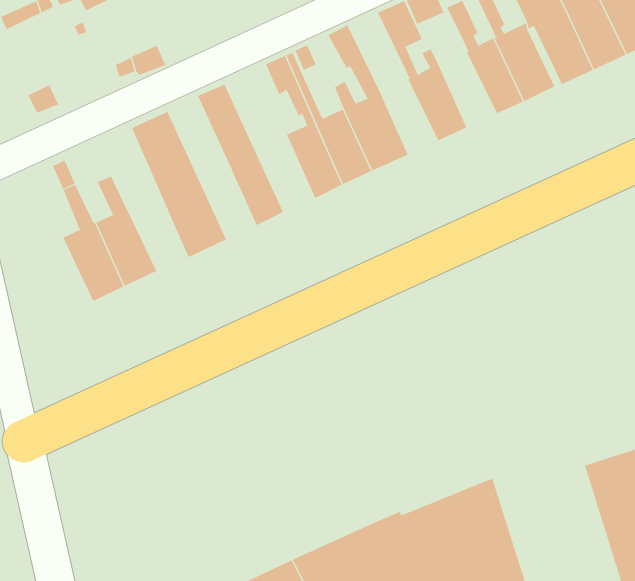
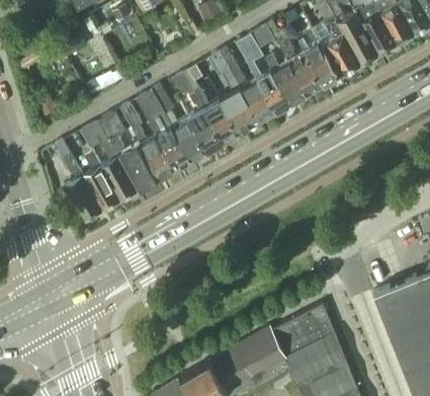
building: none -> [219,47,275,123]
building: none -> [272,61,308,104]
building: none -> [151,85,207,161]
building: none -> [119,102,175,179]
building: none -> [80,120,138,201]

